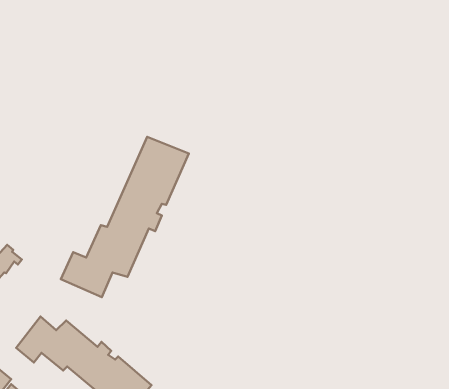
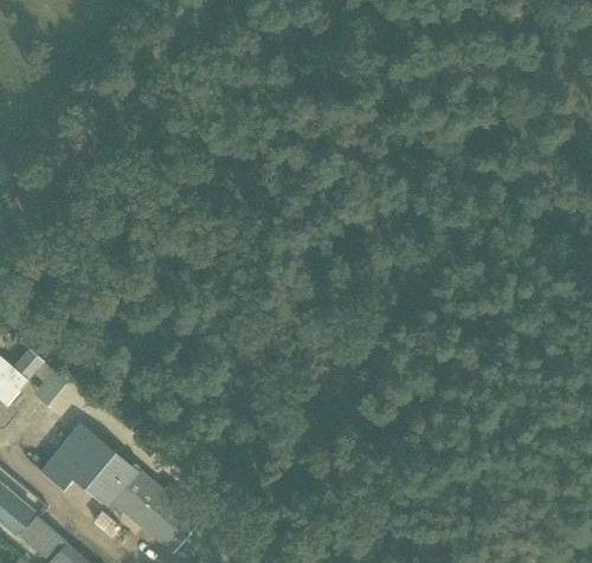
building: [61,137,189,297] -> none

